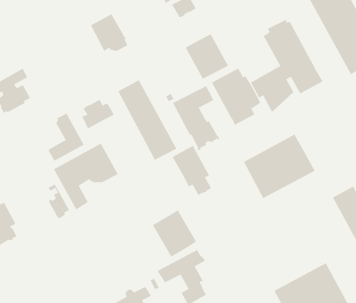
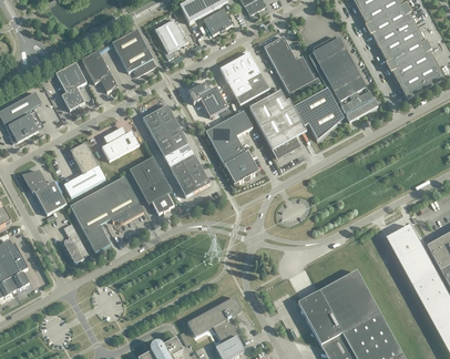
building: none -> [154,18,186,58]
building: none -> [263,34,319,95]
building: none -> [80,49,116,90]
building: none -> [54,61,85,109]
building: none -> [186,81,226,119]
building: [243,134,315,199] -> [297,269,379,343]
building: none -> [22,168,65,213]
building: [172,145,212,196] -> [127,155,173,213]
building: [152,209,197,257] -> none

